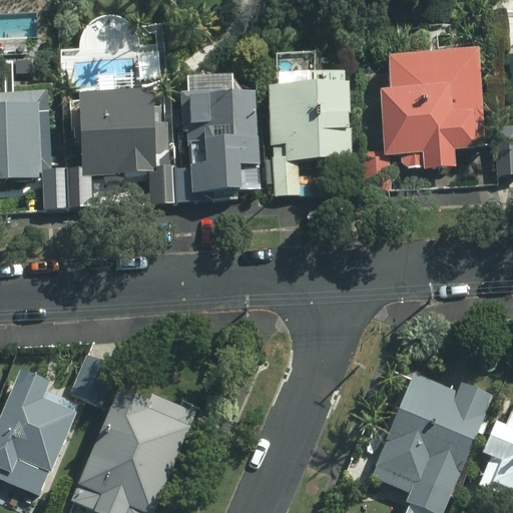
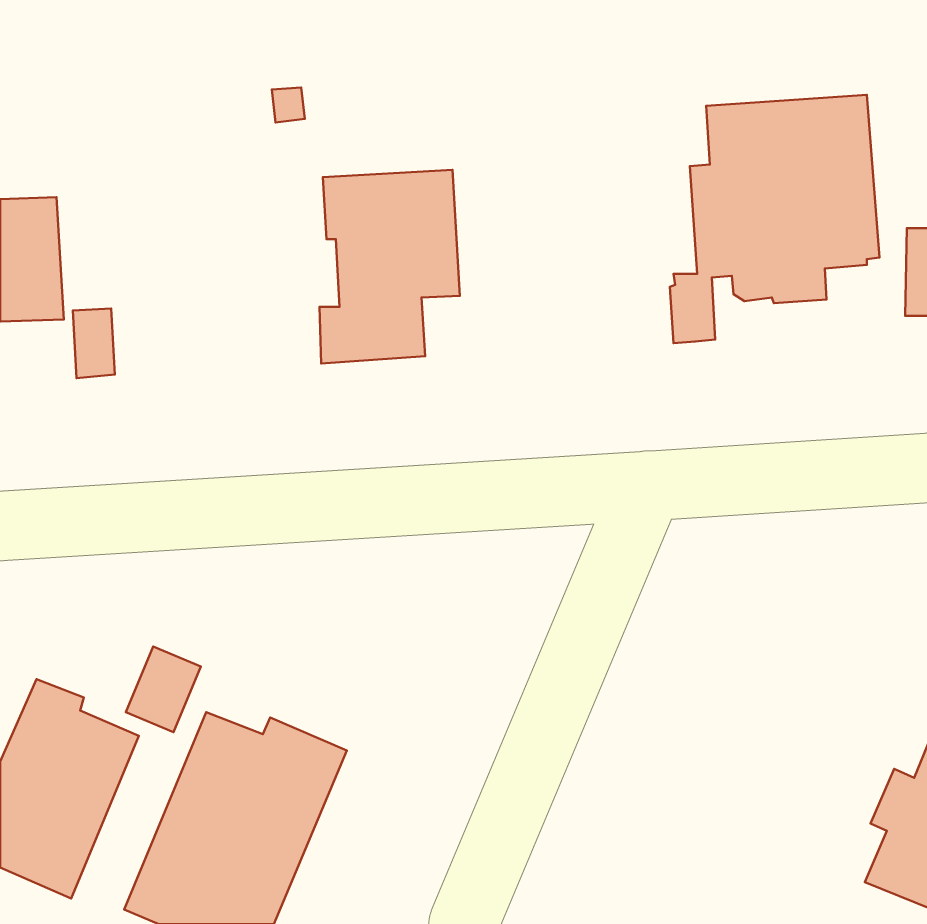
building: [270,78,356,195] -> none
building: [69,95,175,205] -> none
building: [375,373,489,493] -> none

